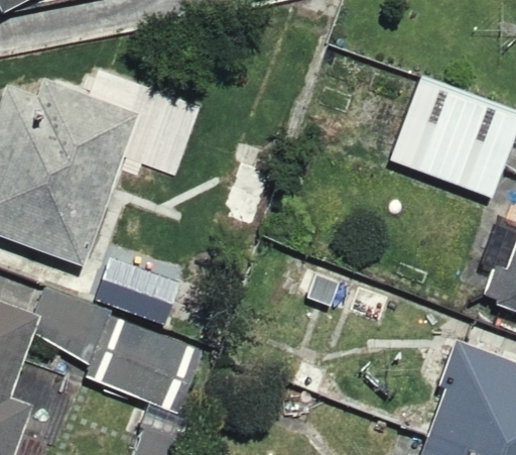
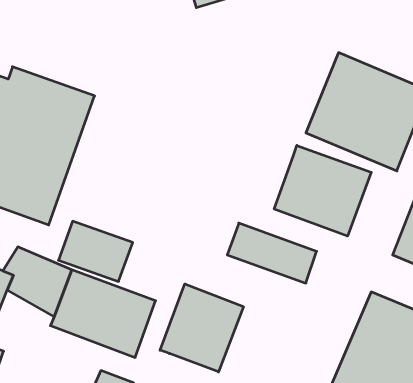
building: none -> [274,145,371,236]
building: none -> [160,284,243,372]

